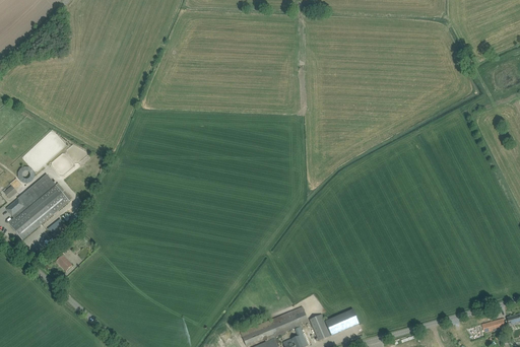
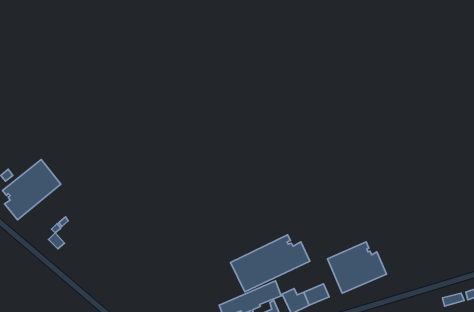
building: none -> [230,235,310,292]
building: none -> [327,242,386,293]

